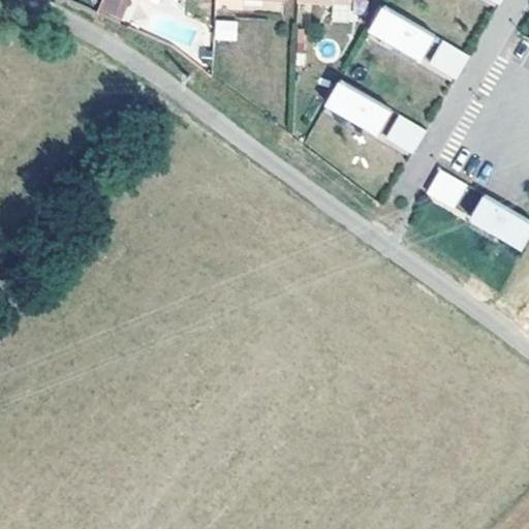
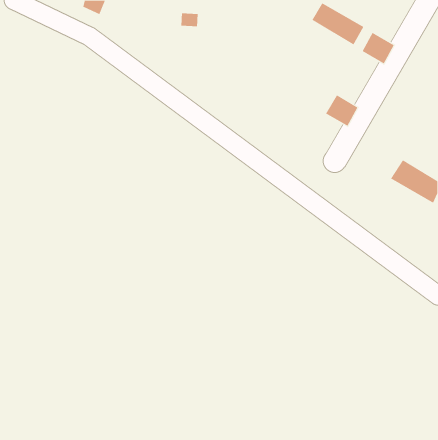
building: [328,81,391,131] -> none
building: [426,169,466,208] -> none

